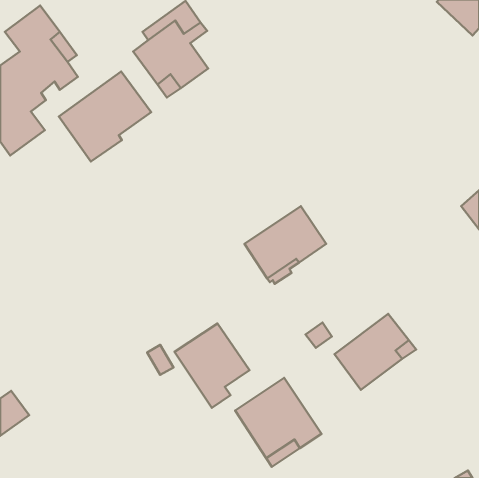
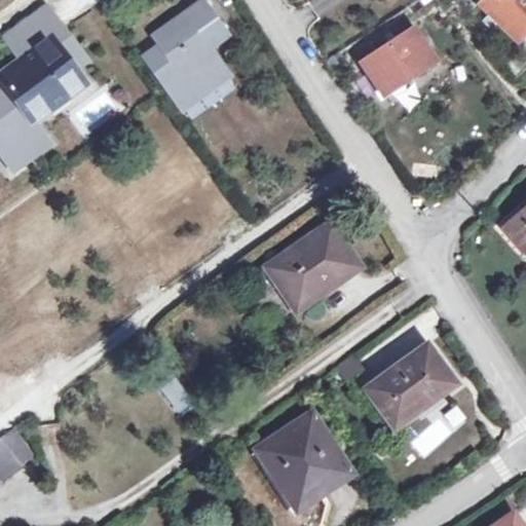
building: none -> [362,27,435,93]
building: [59,71,151,162] -> none
building: [175,323,250,408] -> none

